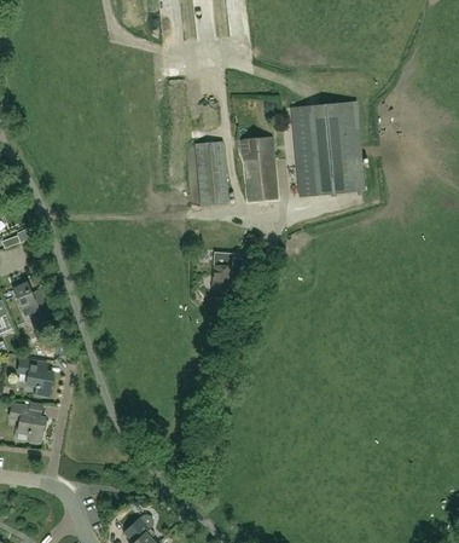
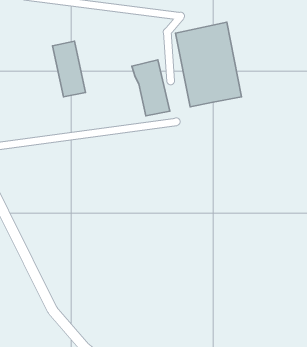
building: [194,141,227,206] -> [52,41,86,97]
building: [211,252,242,290] -> none

